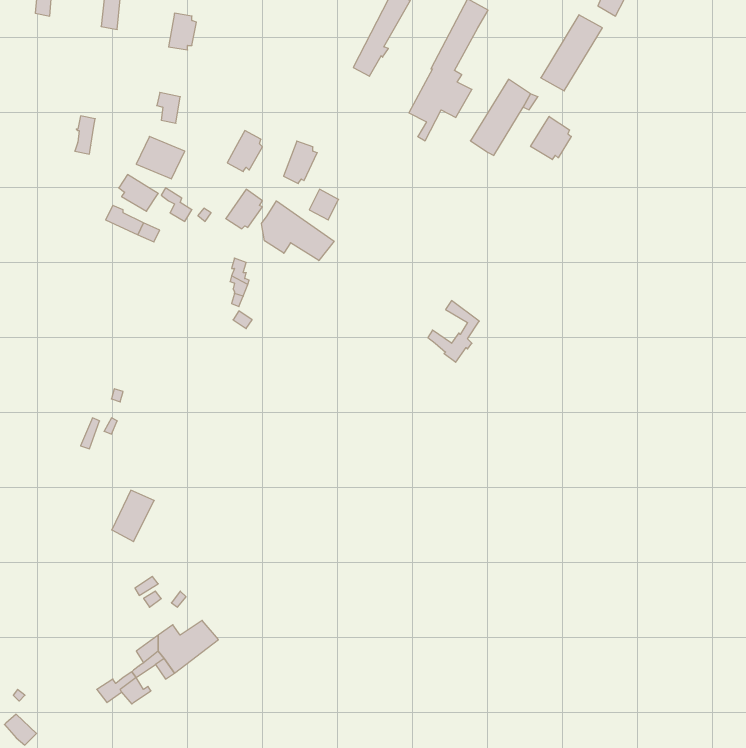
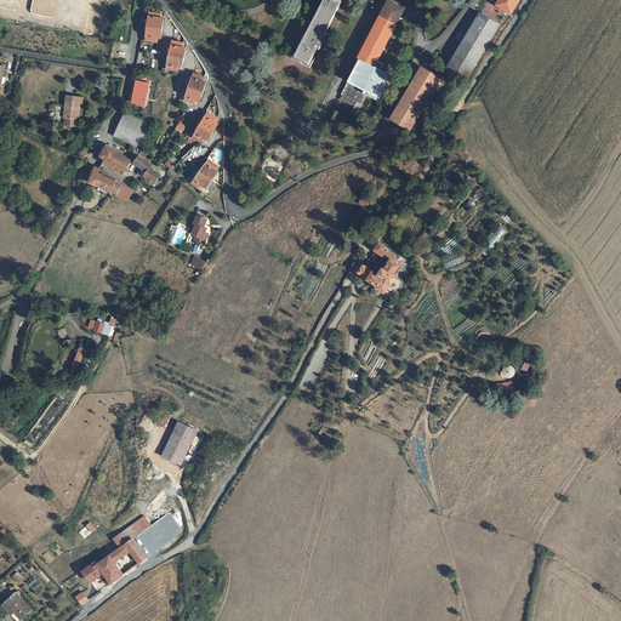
building: none -> [161,39,184,74]
building: [531,116,571,160] -> none
building: [284,141,317,184] -> [178,73,206,108]
building: [262,201,334,261] -> none
building: [112,490,154,542] -> [159,421,194,463]

